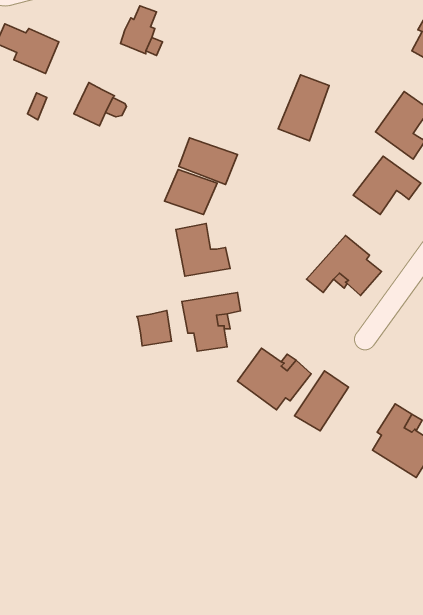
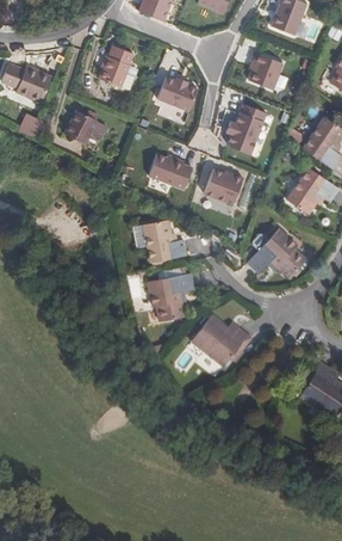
building: none -> [250,49,284,86]
building: none -> [156,73,198,110]
building: [165,170,217,215] -> [201,166,243,202]
building: [137,311,172,346] -> none

